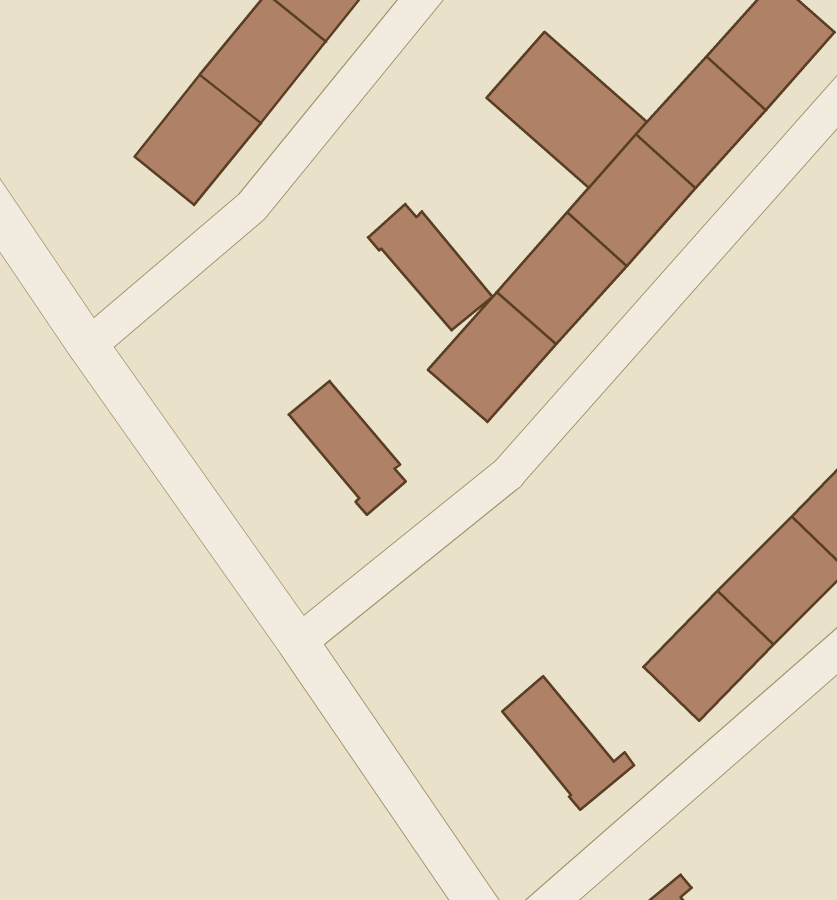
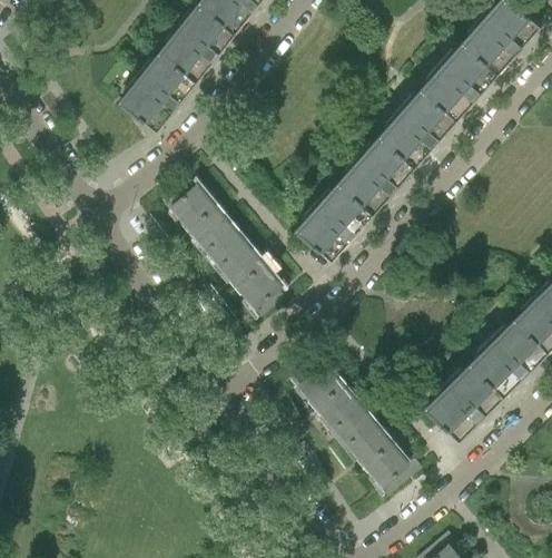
building: [487,32,647,188] -> none
building: [368,204,492,330] -> [162,180,237,256]
building: none -> [290,359,365,434]

